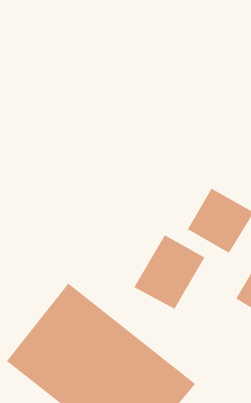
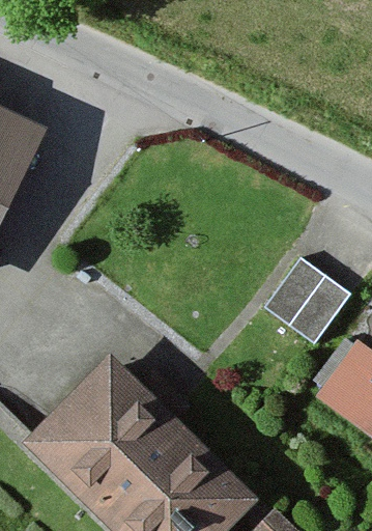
building: [133,234,205,310] -> none

